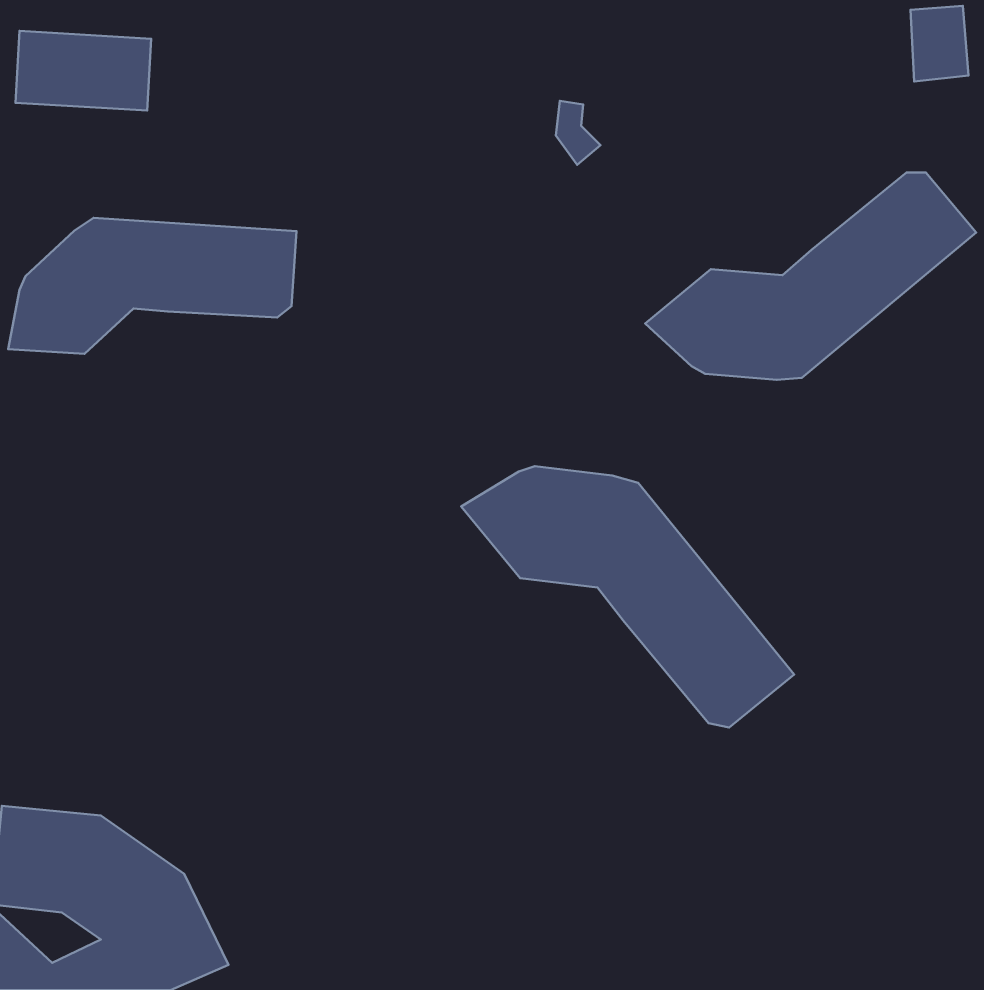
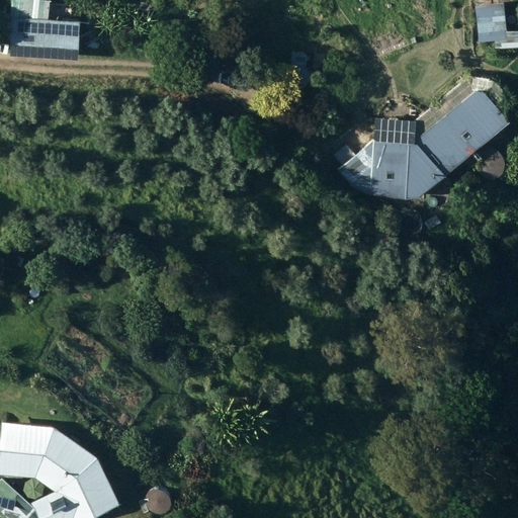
building: [8,218,296,354] -> none
building: [461,466,794,727] -> none

